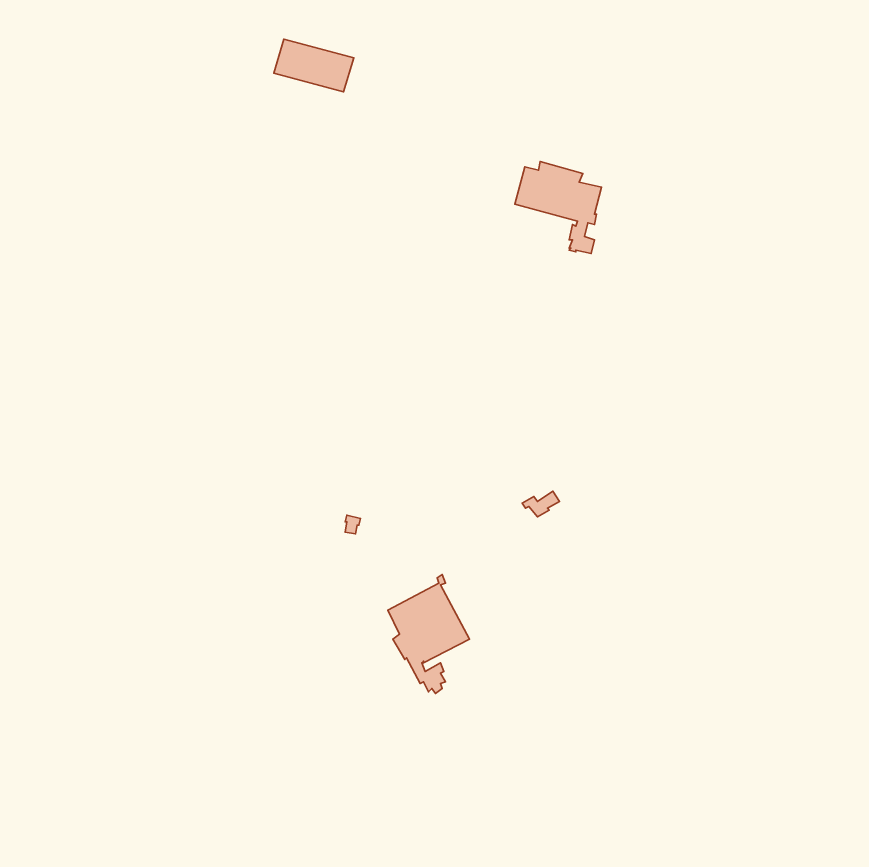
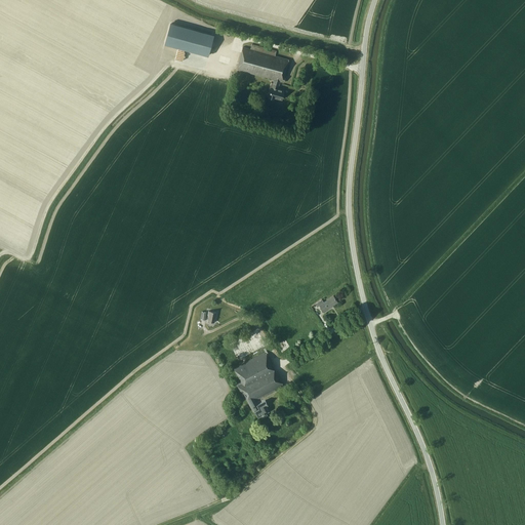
building: [515,162,601,253] -> [236,45,288,100]

